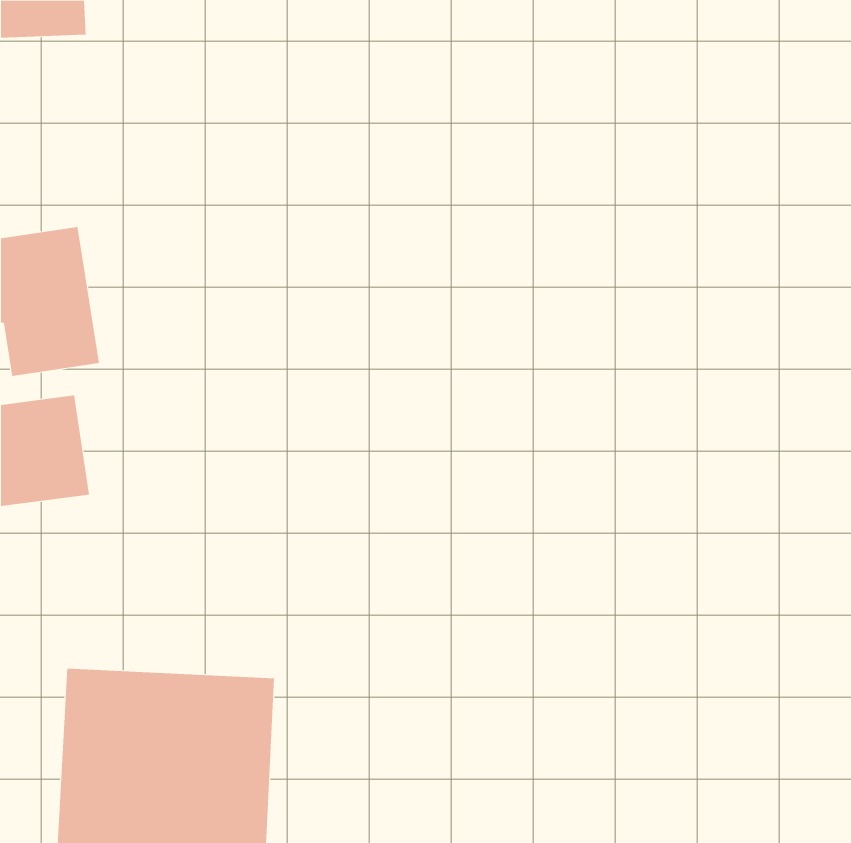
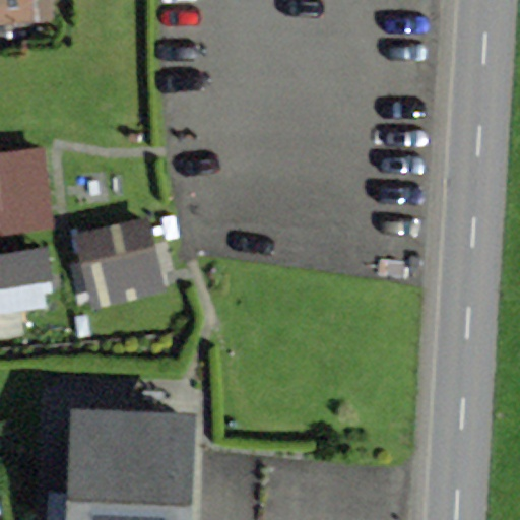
building: none -> [76,215,170,307]

